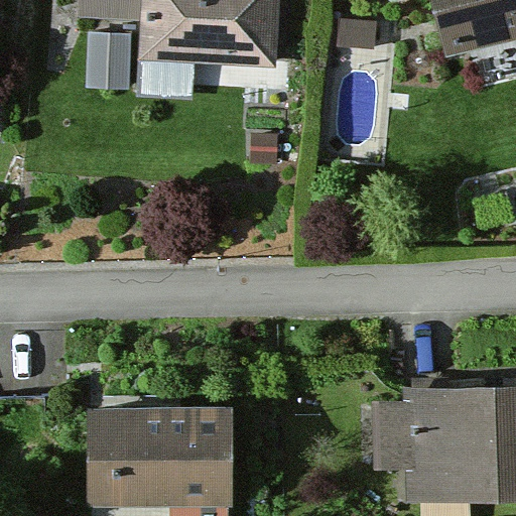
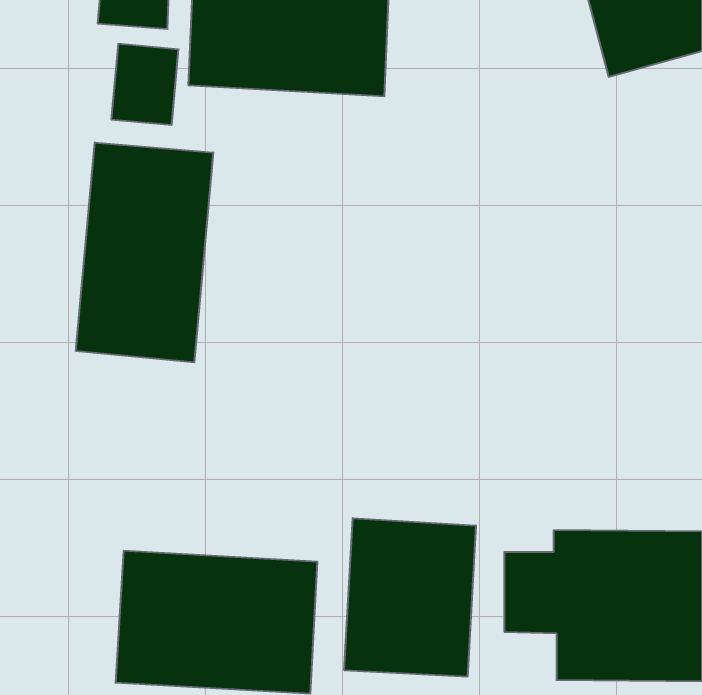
building: none -> [76,142,213,362]
building: none -> [344,518,476,677]

